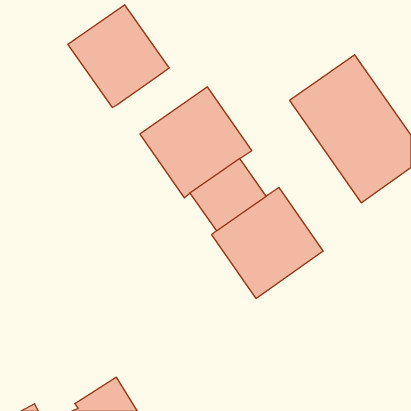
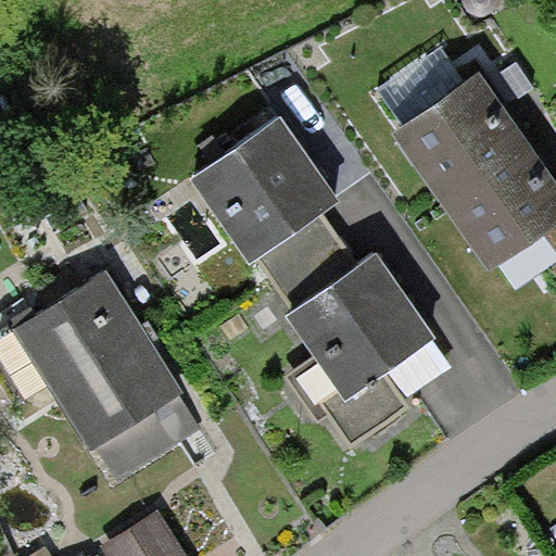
building: [68,5,169,108] -> none
building: none -> [12,267,202,480]

